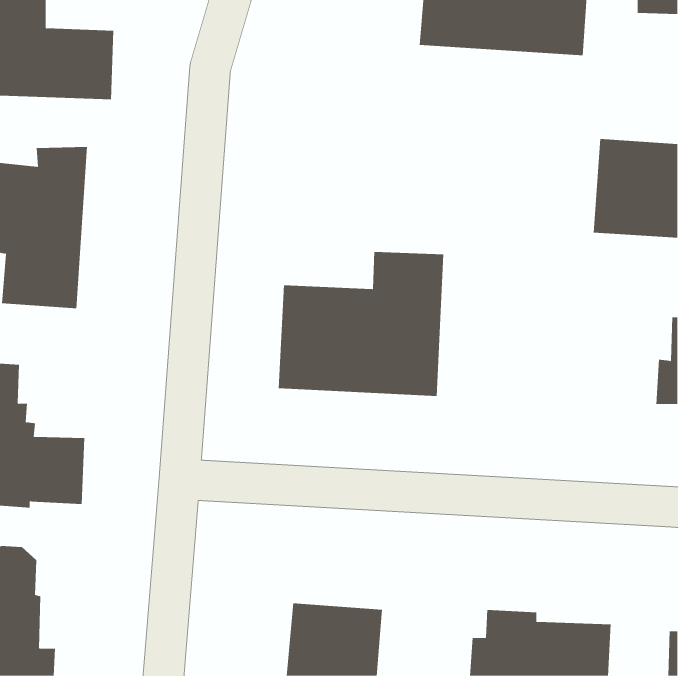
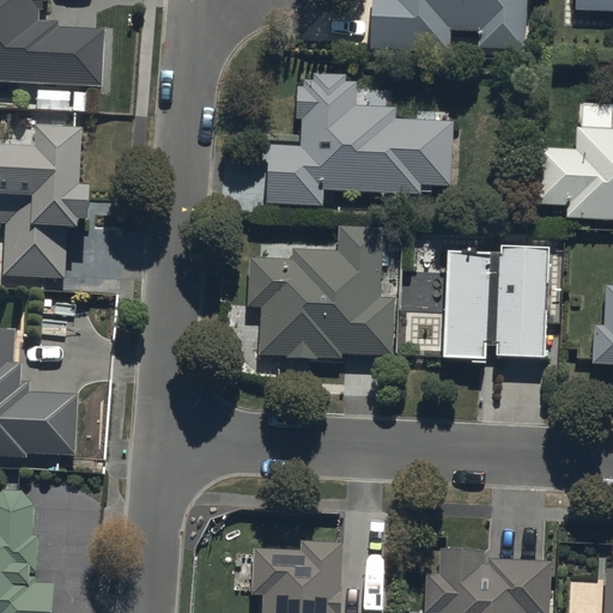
building: none -> [265,80,450,205]
building: none -> [442,248,548,364]

